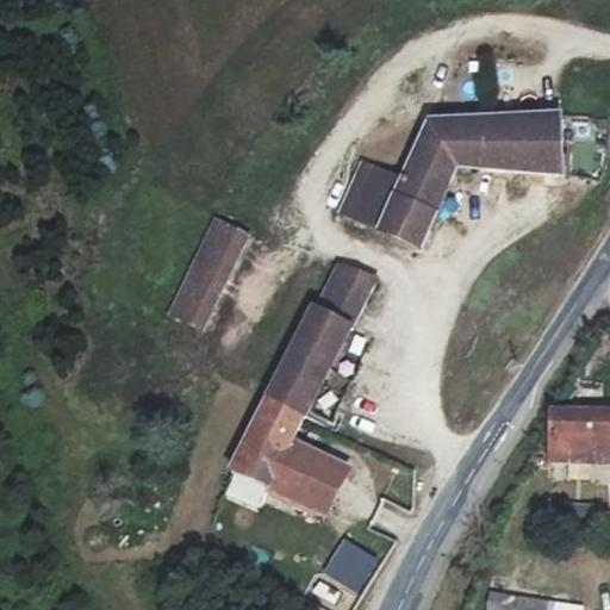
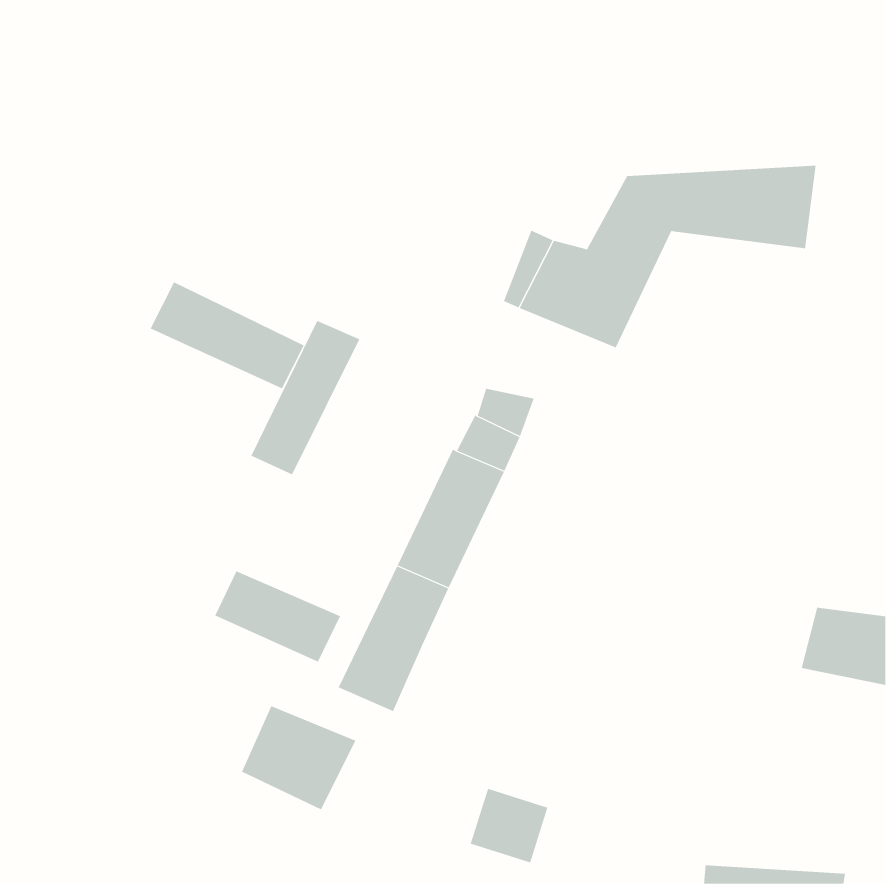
building: none -> [150,281,305,389]
building: none -> [215,570,341,663]
building: [269,442,348,513] -> [241,706,356,810]

